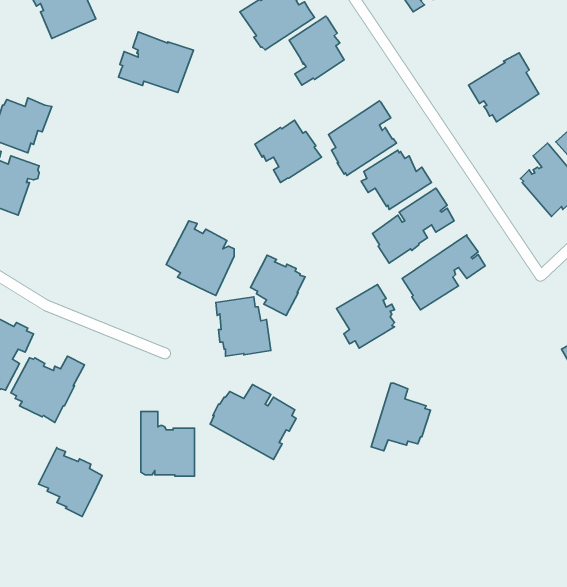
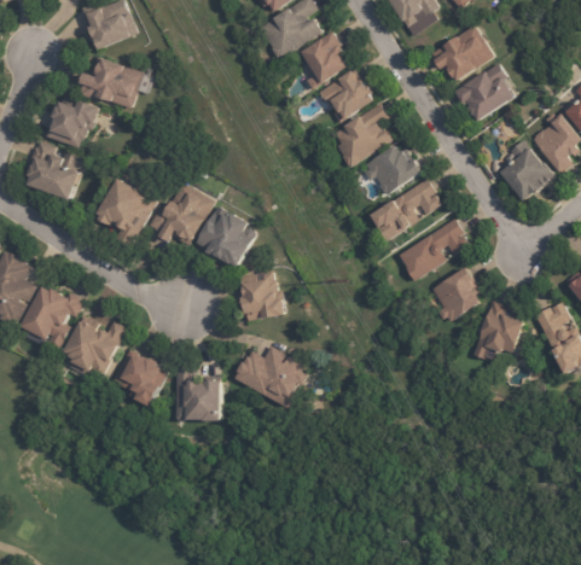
building: none -> [430,24,495,82]
building: [119,32,193,93] -> [79,56,143,107]
building: [255,120,321,182] -> [318,70,374,123]
building: none -> [93,179,155,249]
building: none -> [149,181,211,245]
building: [250,255,305,316] -> none
building: [337,284,395,348] -> [429,267,478,321]
building: [371,383,430,451] -> [472,301,523,359]
building: [39,447,102,517] -> [111,349,165,408]

